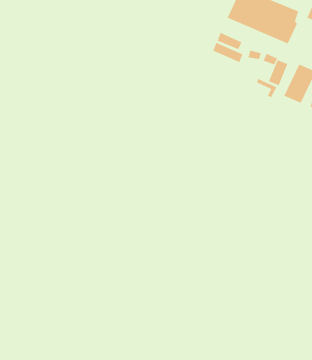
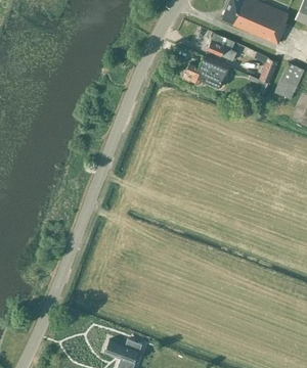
building: none -> [186,56,230,88]

